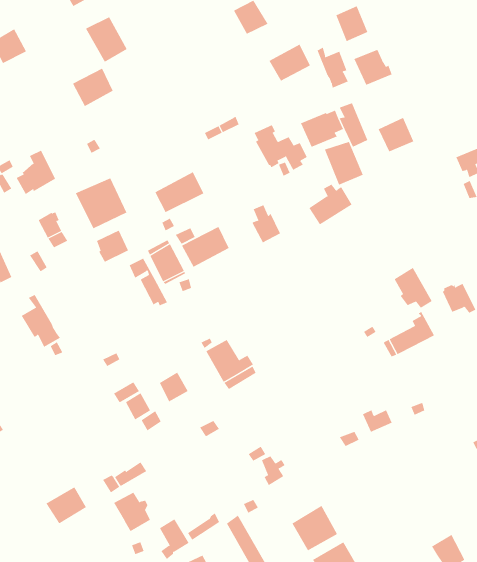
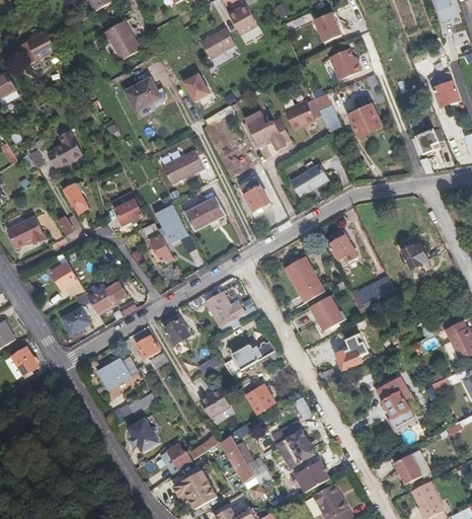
building: [268,44,311,81] -> [199,27,234,59]
building: [317,47,348,89] -> none
building: [72,68,114,107] -> [125,79,159,112]
building: none -> [182,72,211,102]
building: [324,141,363,185] -> none
building: [75,177,127,229] -> none
building: [394,267,433,308] -> [326,228,359,263]
building: none -> [285,255,319,293]
building: none -> [89,281,127,312]
building: none -> [309,296,341,330]
building: none -> [62,306,91,333]
building: none -> [224,341,274,375]
building: none -> [378,374,417,426]
building: none -> [200,387,230,418]
building: [46,487,87,524] -> [95,358,130,389]

